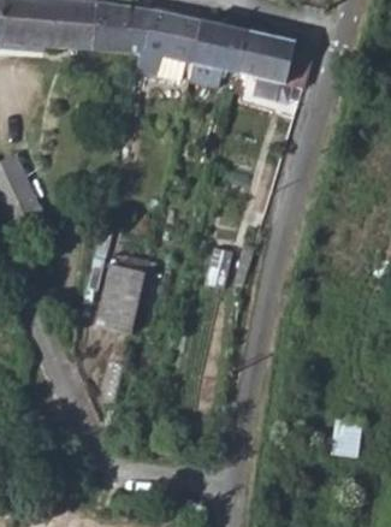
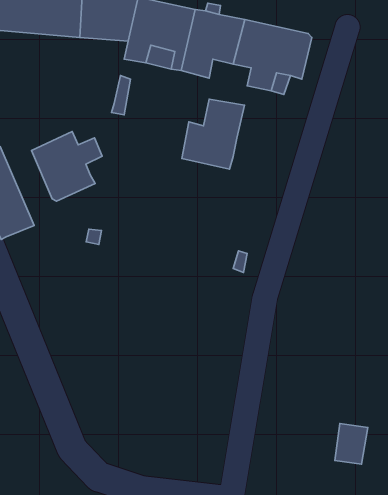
building: none -> [182,99,244,169]
building: none -> [31,131,102,201]
building: [95,264,143,331] -> none

